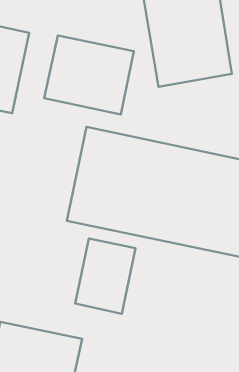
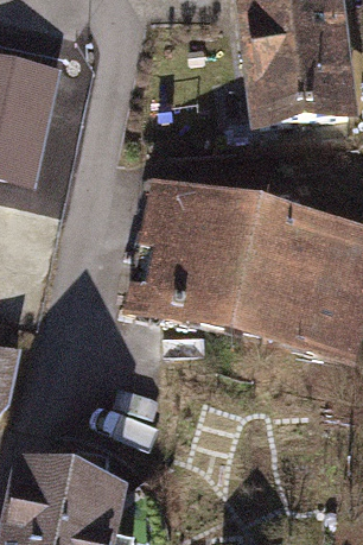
building: [44,35,134,114] -> none
building: [75,239,136,314] -> none

